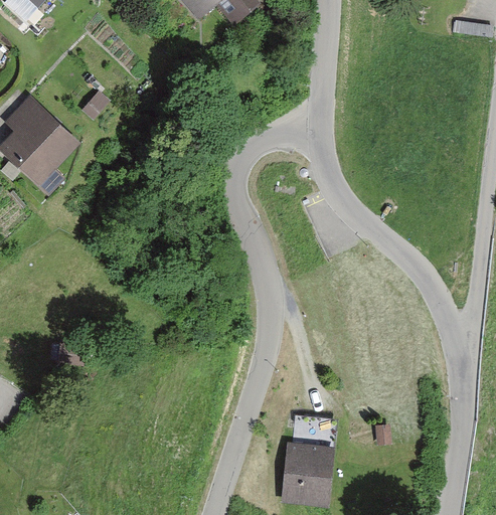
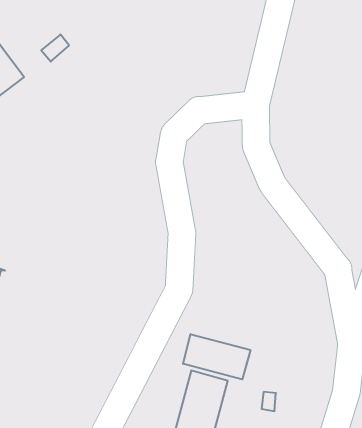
building: none -> [183,334,250,379]

